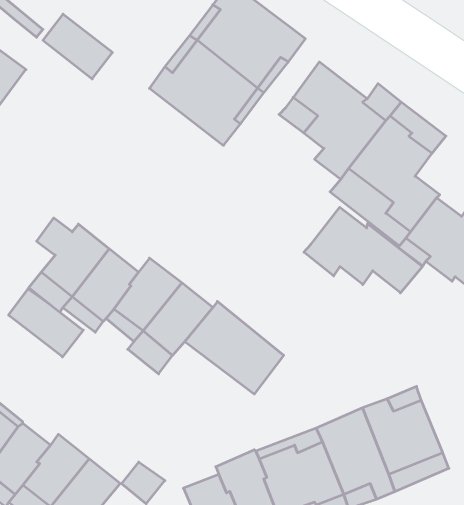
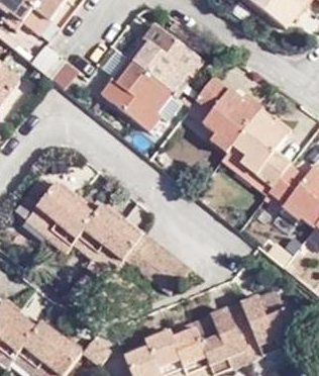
building: [304,207,422,293] -> none
building: [9,289,83,357] -> none

